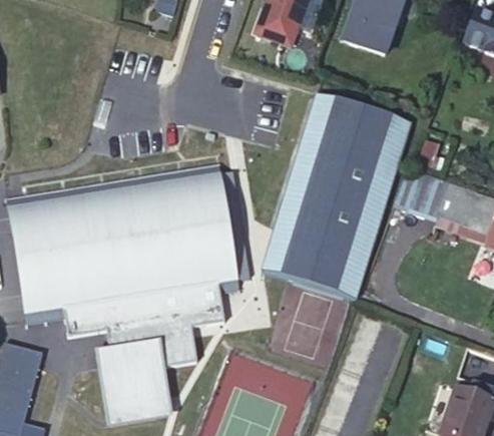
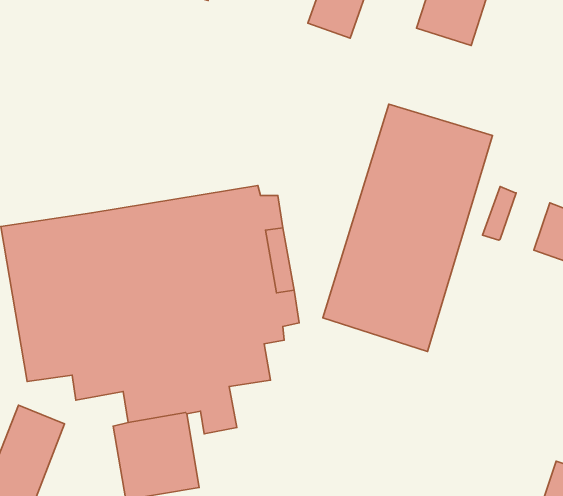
building: [409,170,449,216] -> none

